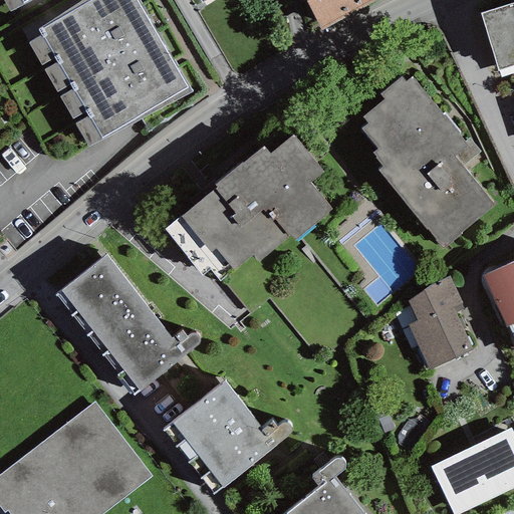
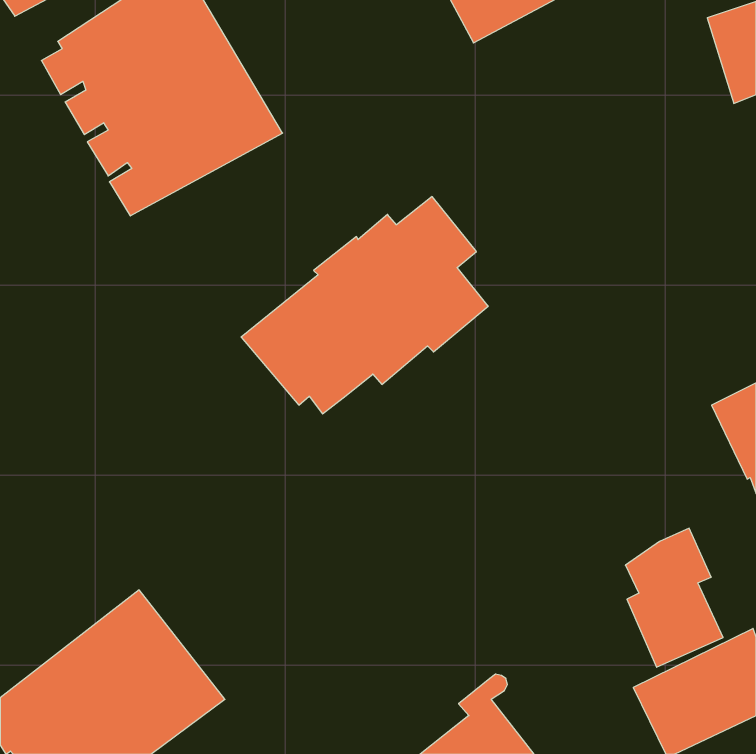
building: [360,75,495,248] -> none
building: [55,254,199,395] -> none
building: [407,275,473,369] -> [625,528,723,667]
building: [163,381,292,494] -> none

